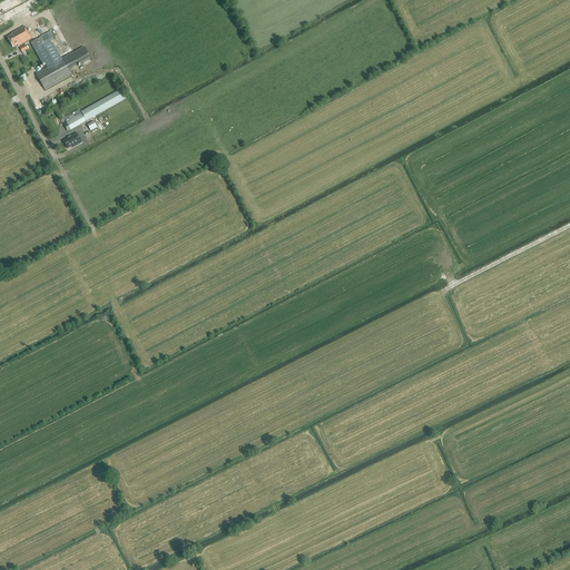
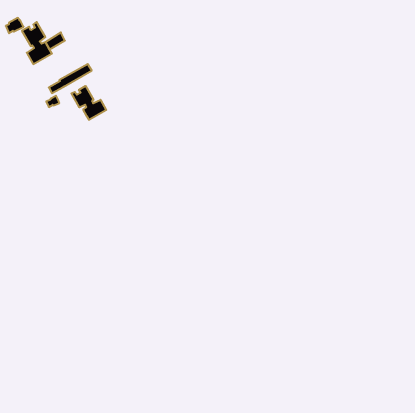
building: none -> [71,86,106,120]

